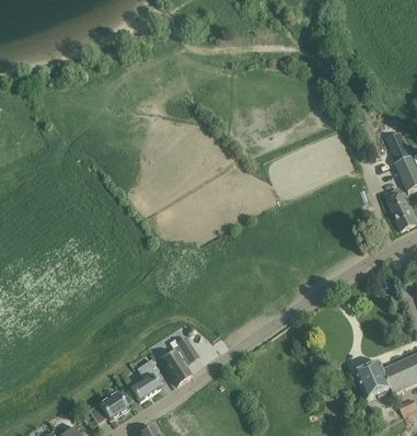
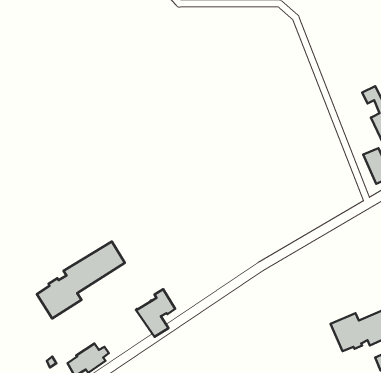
building: none -> [37,241,125,318]
building: [130,357,163,400] -> none

